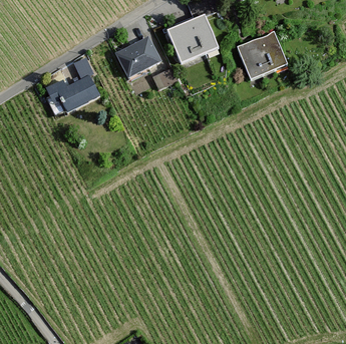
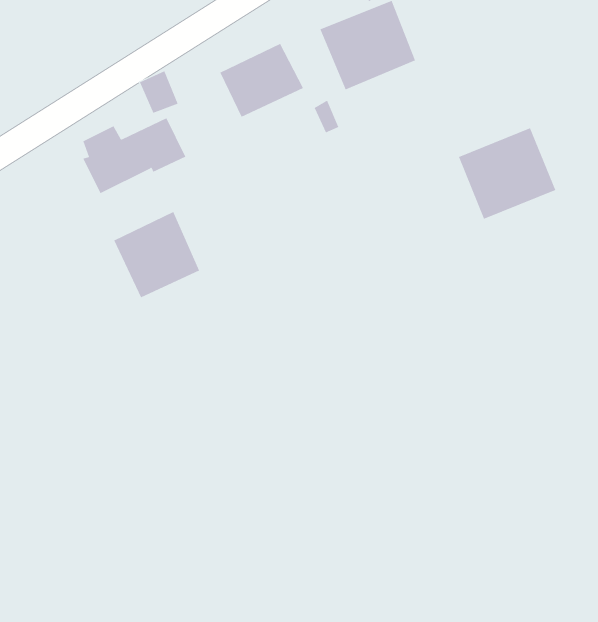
building: [238,31,288,78] -> [458,127,556,220]
building: none -> [113,211,200,298]

